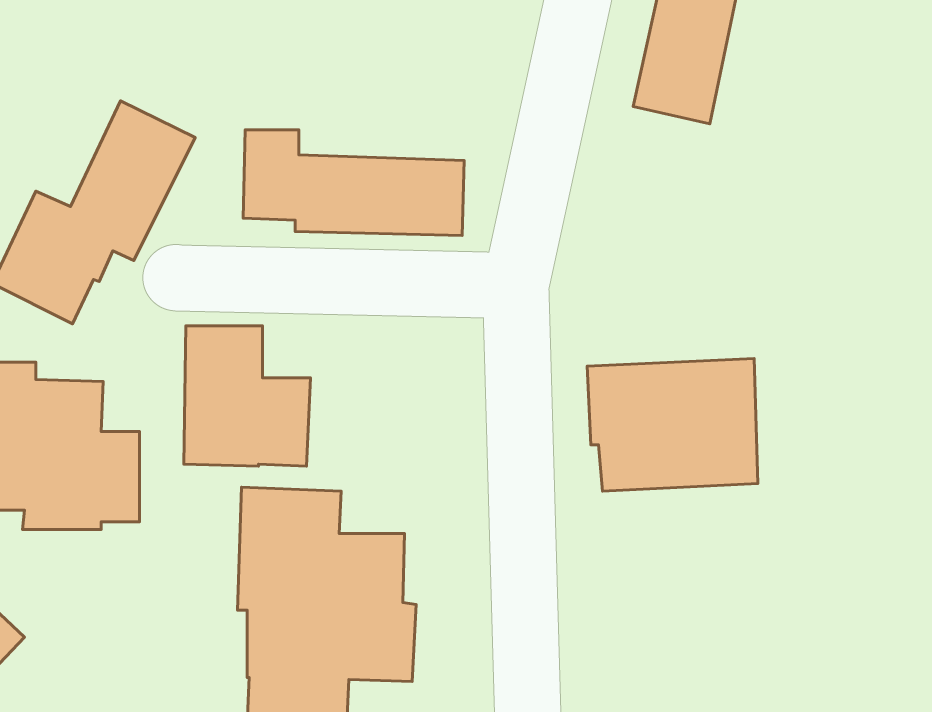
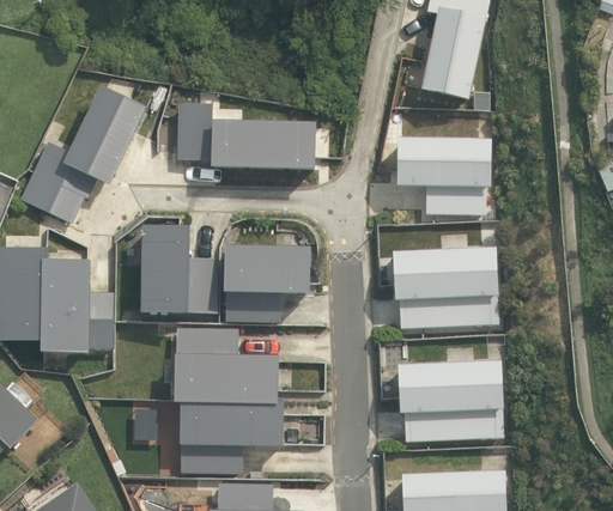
building: none -> [396,138,490,215]
building: none -> [223,244,310,323]
building: none -> [397,360,503,442]

